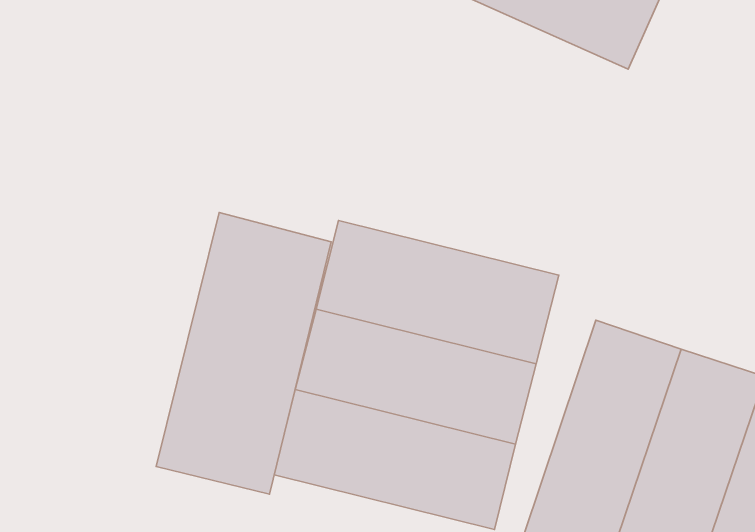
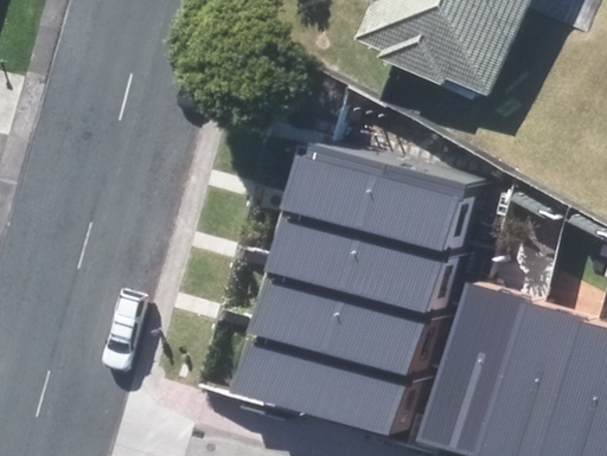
building: none -> [280,143,459,248]
building: [156,213,331,494] -> none

